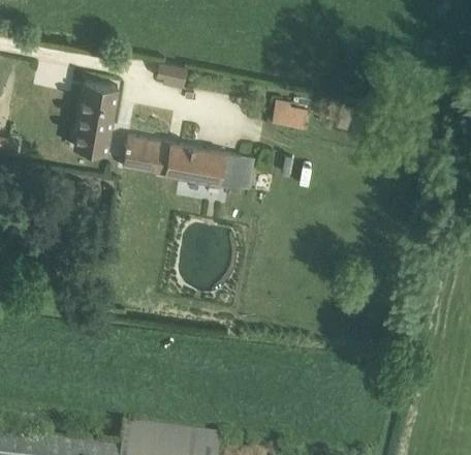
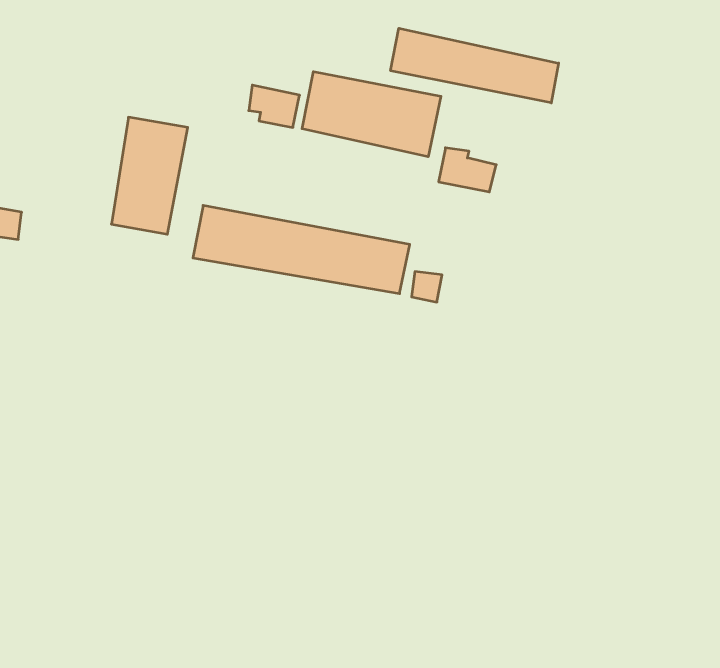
building: none -> [391,28,559,103]
building: none -> [302,72,441,157]

